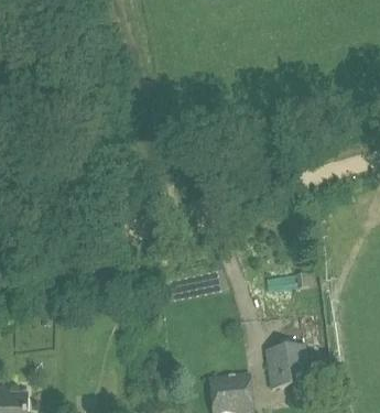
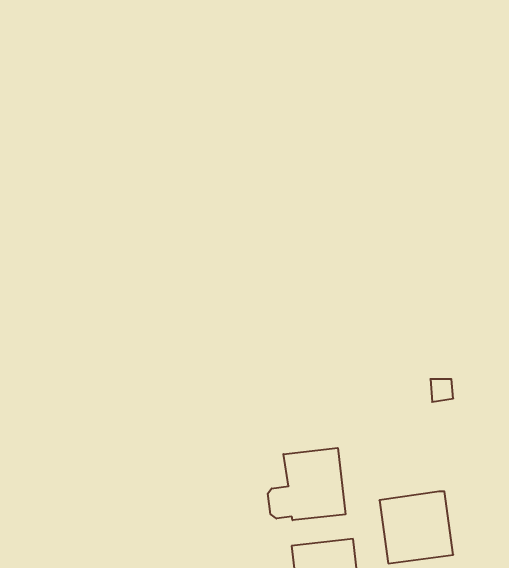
building: none -> [268,448,345,520]

